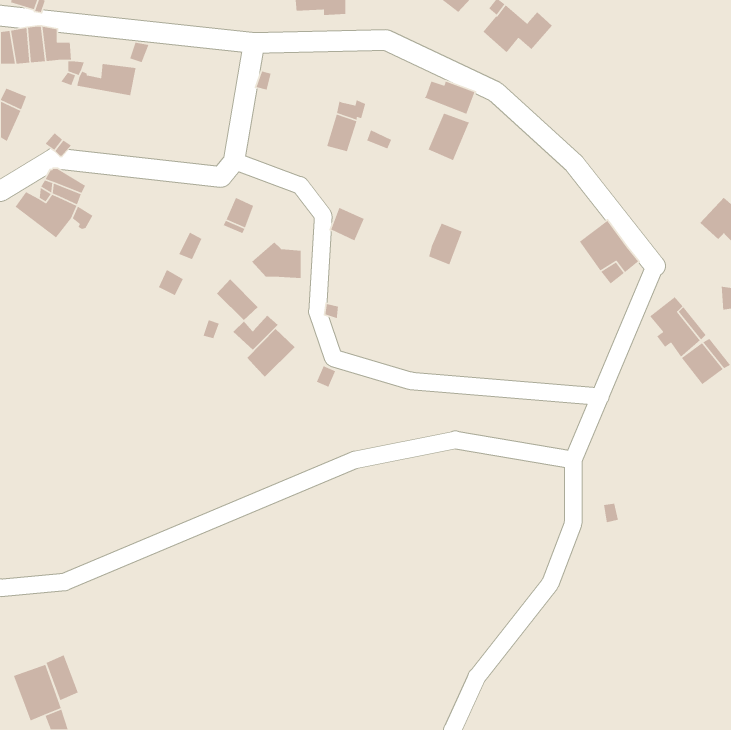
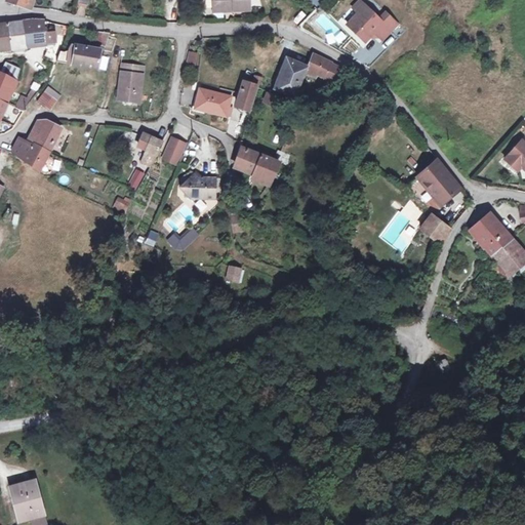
building: none -> [117,63,144,100]
building: [428,112,471,161] -> [275,62,306,96]
building: none -> [194,88,232,116]
building: none -> [136,134,162,167]
building: [428,222,463,266] -> [253,156,278,187]
building: [216,279,259,321] -> none
building: none -> [418,212,448,240]
building: [246,328,295,378] -> none
building: [45,654,79,701] -> none

